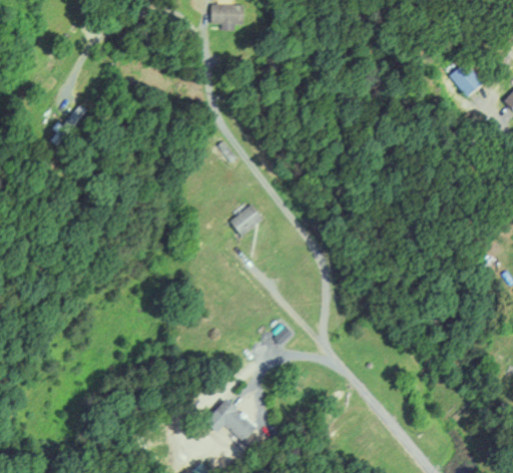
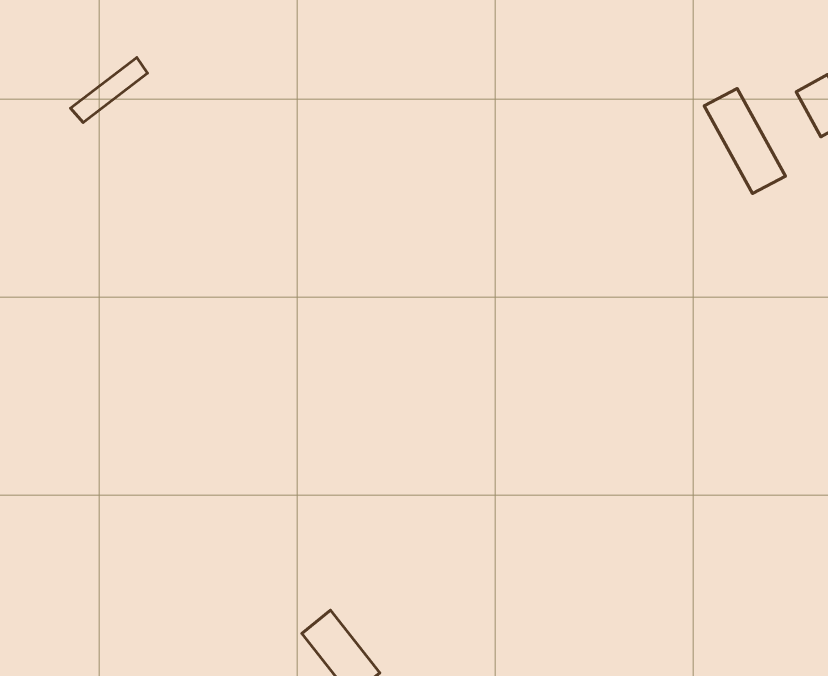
building: none -> [704,89,786,194]
building: [229,203,264,237] -> none

